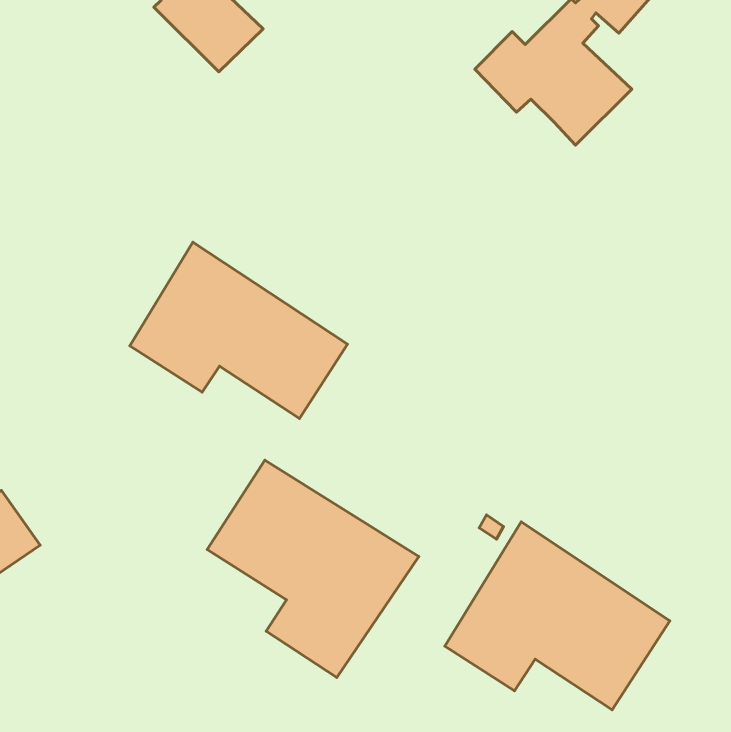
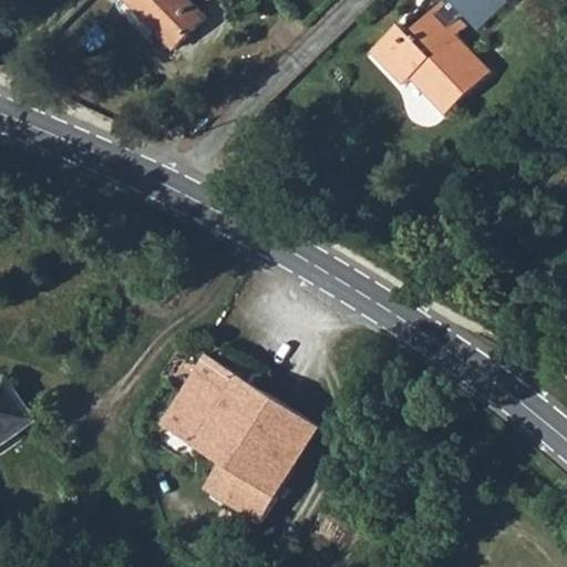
building: [130,242,347,418] -> none
building: [445,522,670,710] -> none

